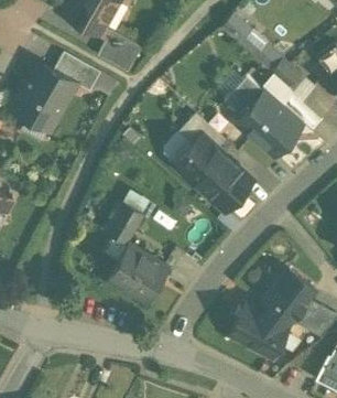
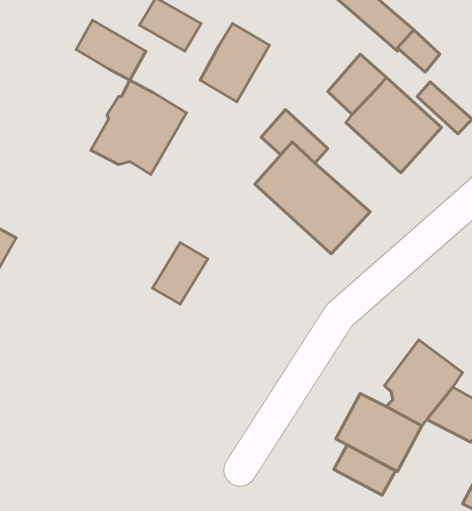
building: none -> [200,23,269,102]
building: [11,63,76,127] -> [91,80,187,174]
building: [108,246,168,304] -> none
building: none -> [334,445,396,495]

